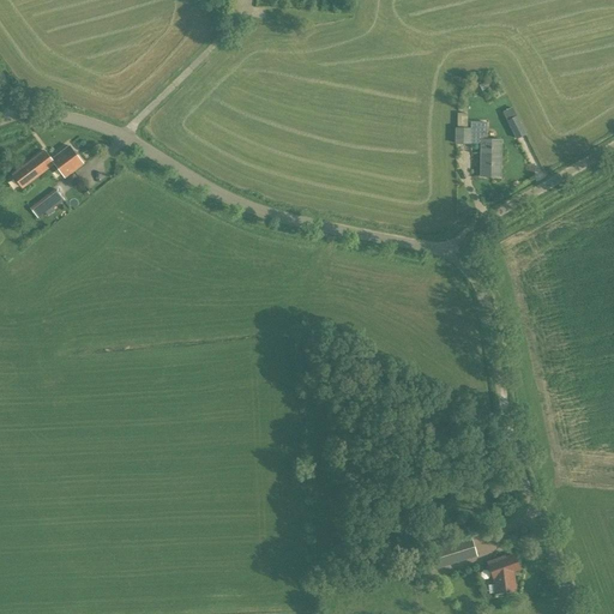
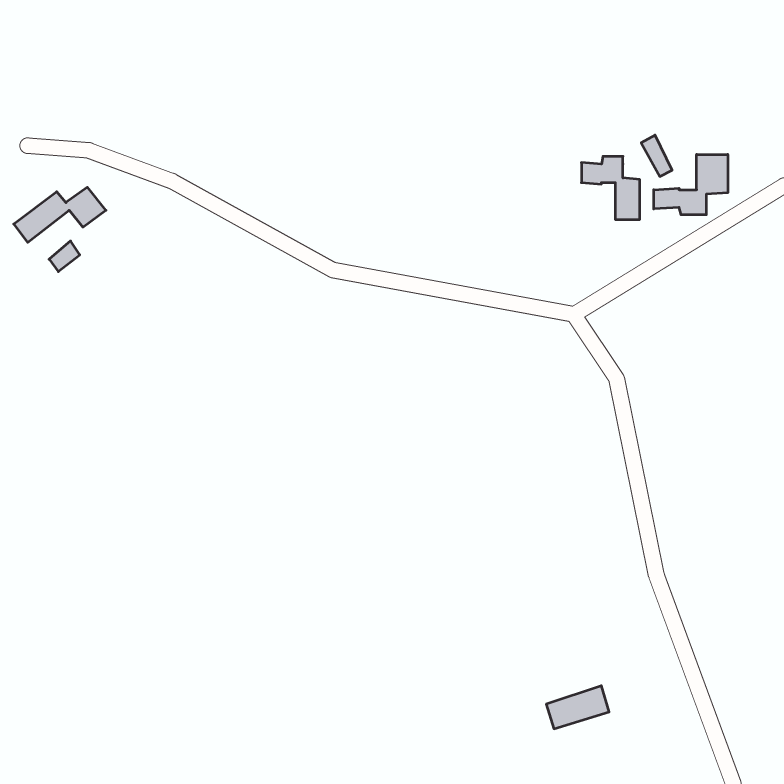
building: none -> [654,154,728,215]
building: [488,555,518,594] -> none

